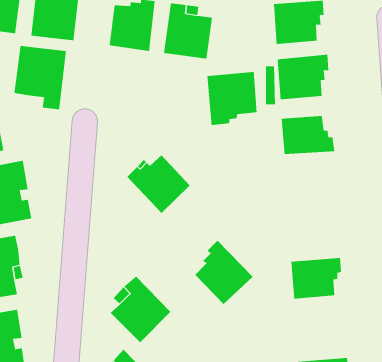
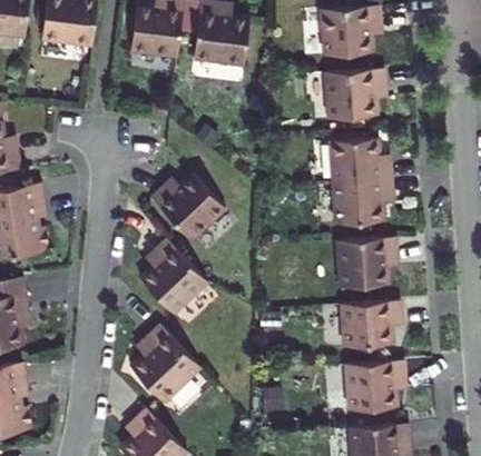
building: [14,45,67,110] -> none
building: [207,71,257,126] -> none
building: none -> [332,177,392,222]
building: none -> [336,235,395,286]
building: [194,240,254,305] -> [139,246,207,320]
building: none -> [342,350,402,400]

